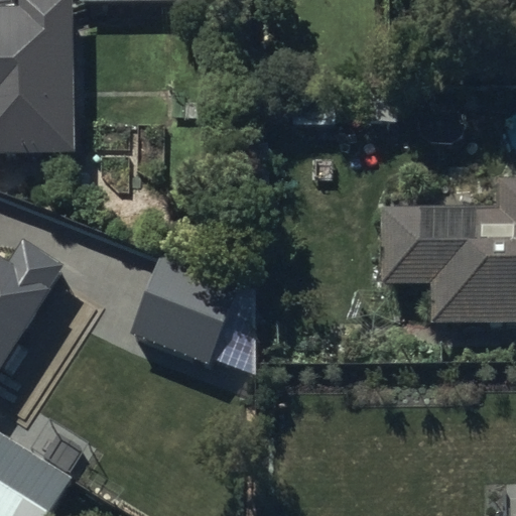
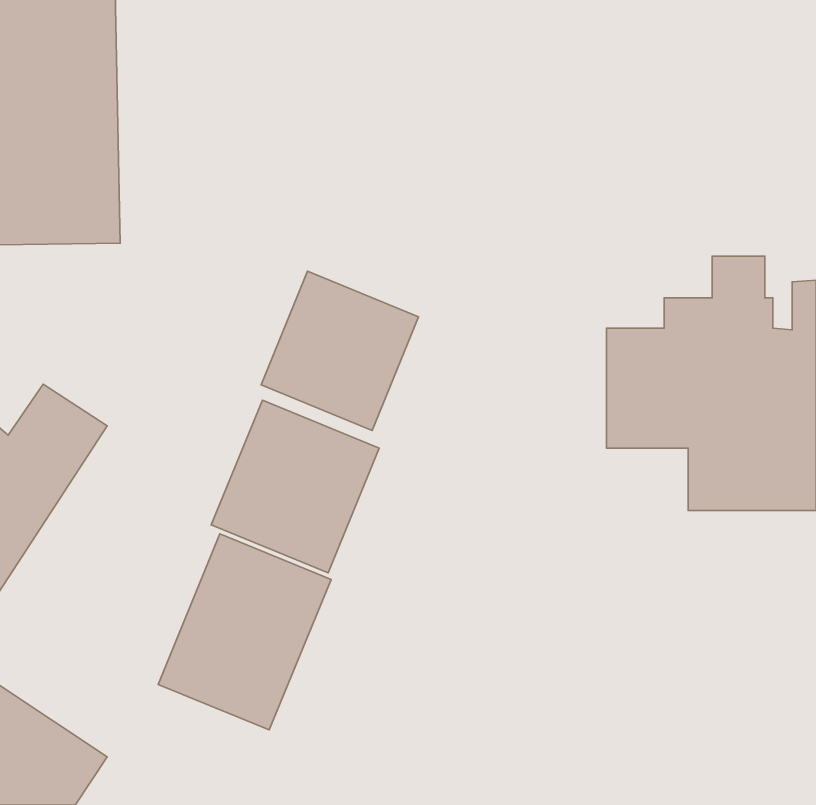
building: none -> [261,271,419,430]
building: none -> [158,534,331,730]

